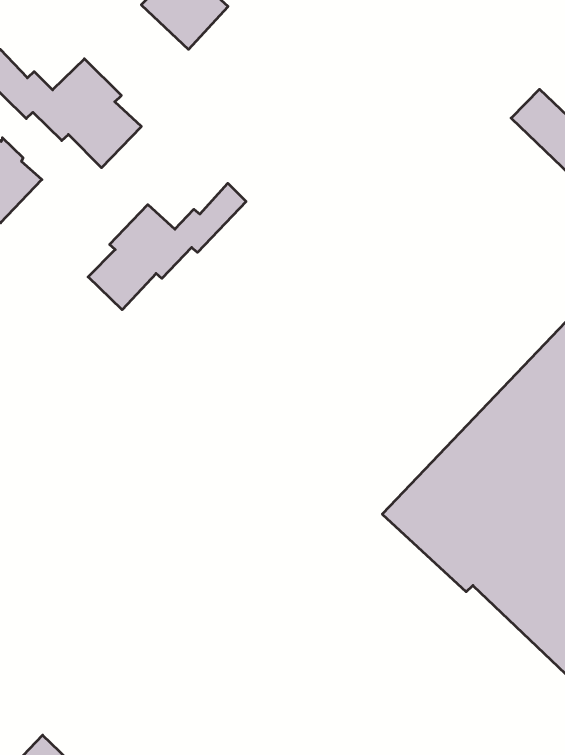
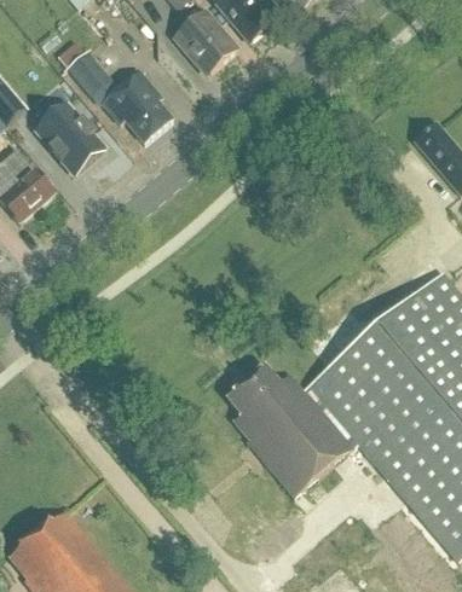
building: [88,183,246,310] -> none
building: none -> [226,364,352,493]

